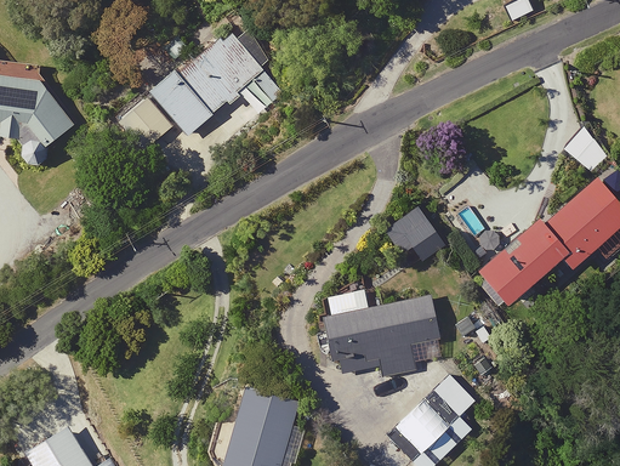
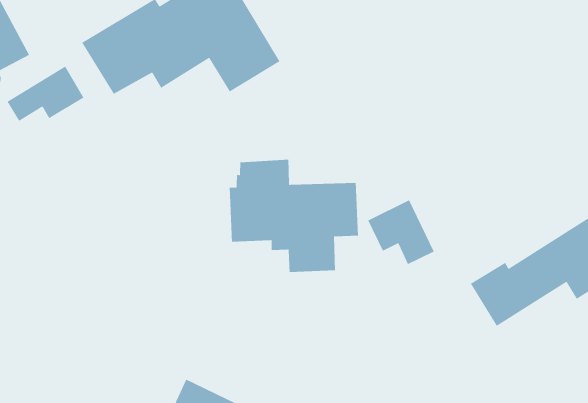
building: none -> [6,66,84,122]
building: [323,283,440,381] -> [229,159,359,273]

